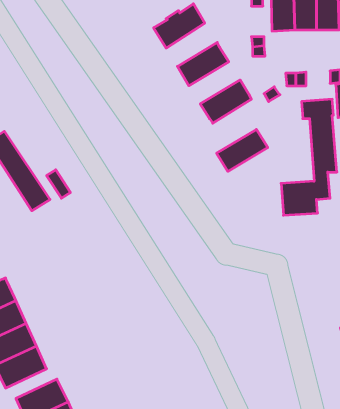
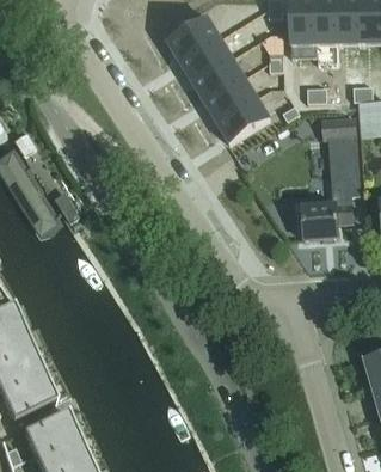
building: none -> [182,36,235,81]
building: [217,129,268,171] -> [205,76,259,121]

